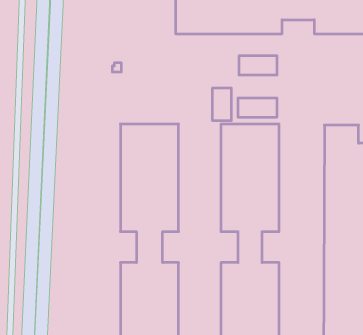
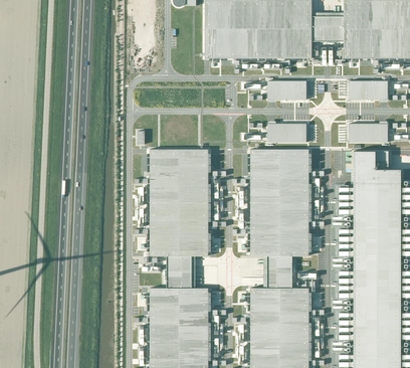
building: none -> [349,80,388,100]
building: [213,88,231,121] -> none
building: none -> [349,123,388,142]

